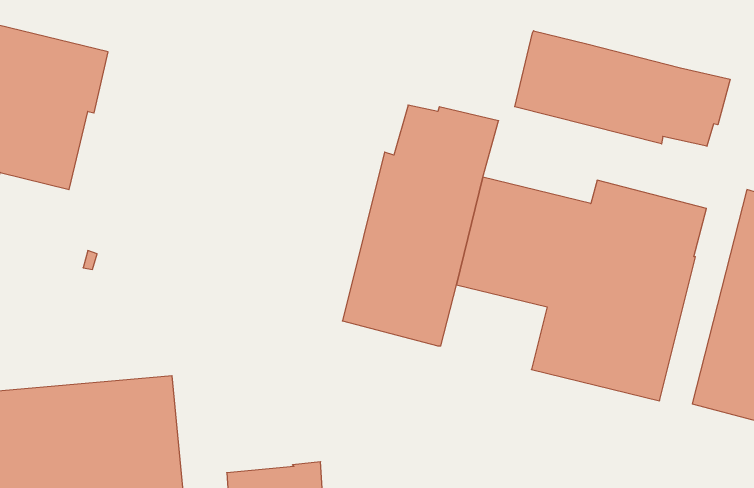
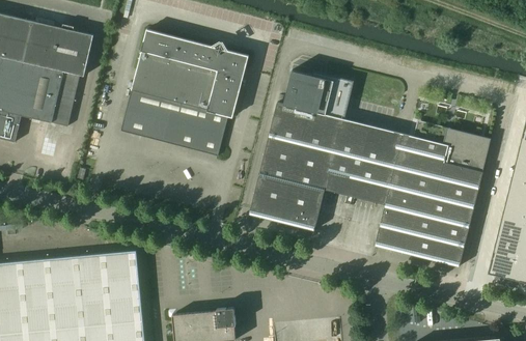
building: [515,31,730,146] -> none
building: none -> [120,29,249,155]

